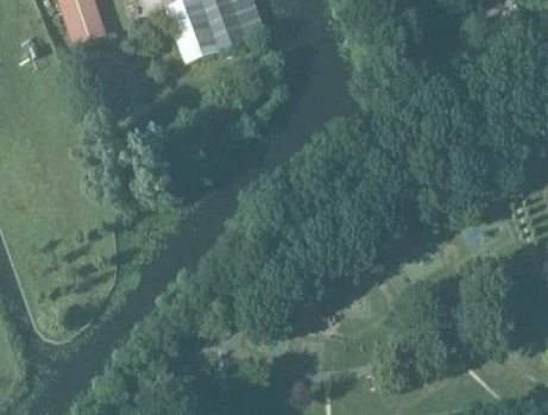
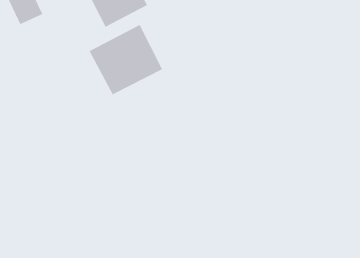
building: none -> [89,24,163,95]

